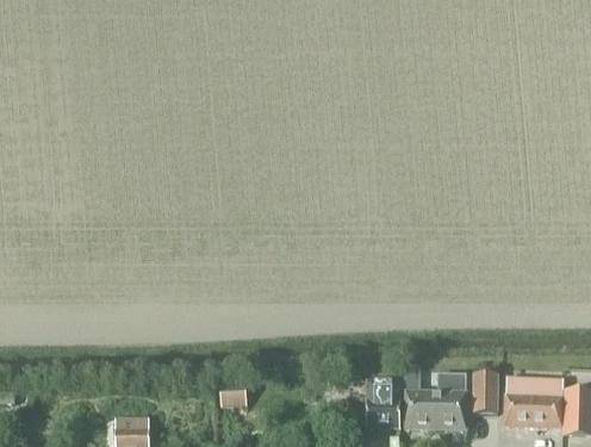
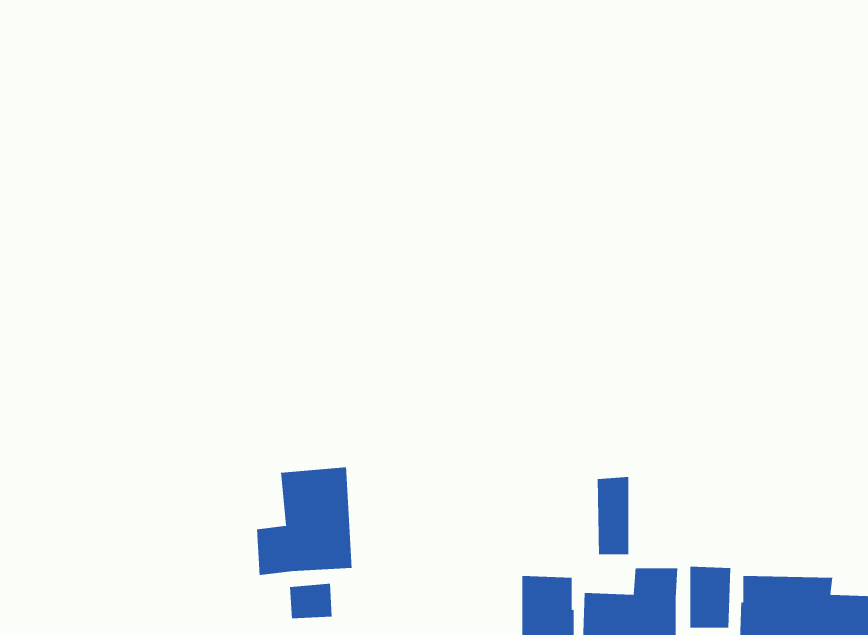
building: none -> [257,467,352,576]
building: none -> [597,476,629,555]

